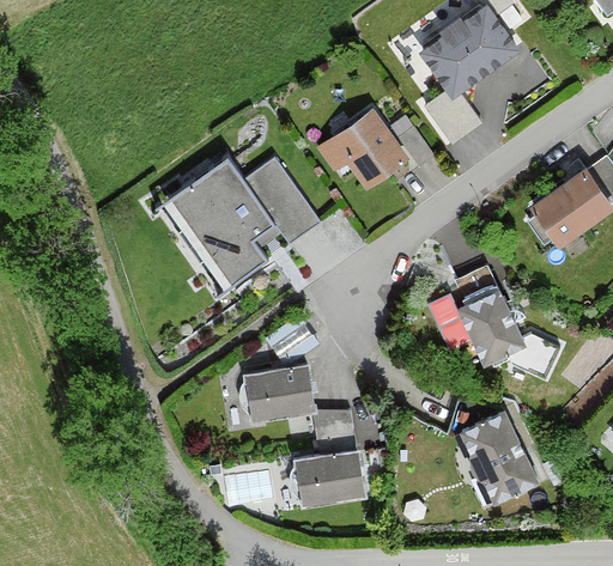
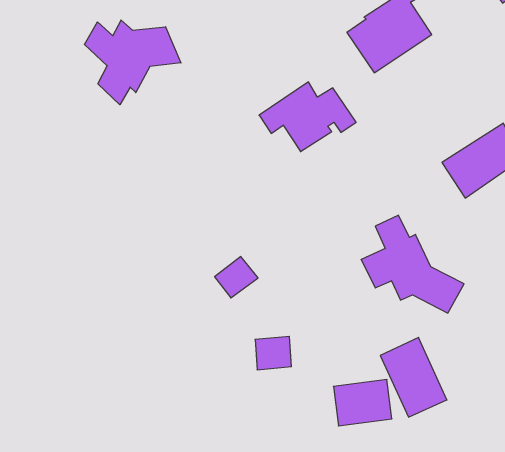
building: none -> [84,20,181,105]
building: [158,157,317,293] -> none
building: [244,364,314,421] -> none
building: [296,449,365,504] -> [333,379,392,426]

